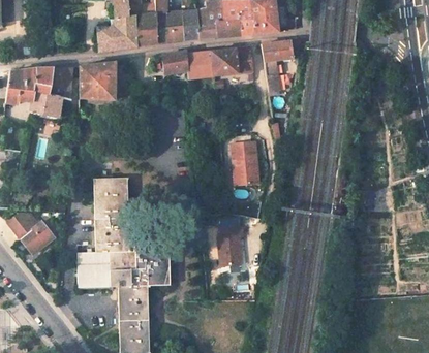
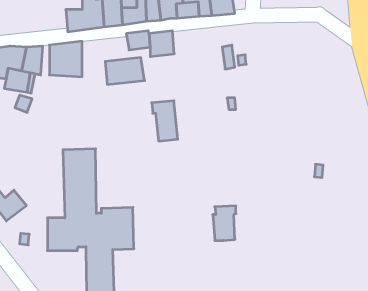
building: [263,40,293,62] -> none
building: [212,46,254,75] -> [105,58,145,84]
building: [231,140,258,184] -> [152,101,178,141]
building: [217,226,242,263] -> [213,206,236,240]

